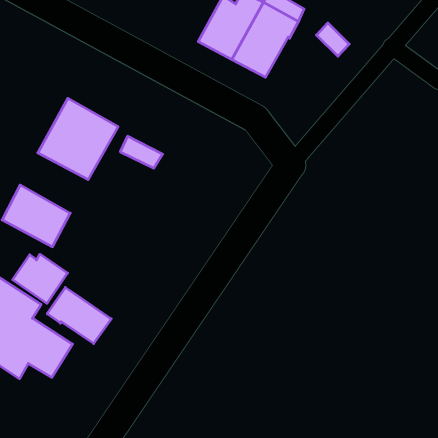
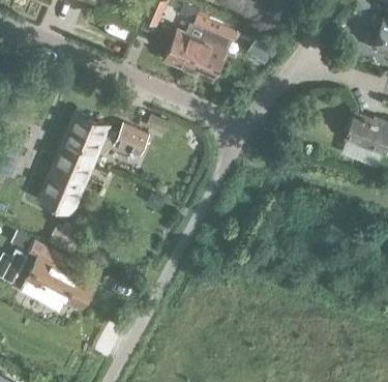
building: none -> [48,150,95,190]
building: [47,287,111,344] -> none

